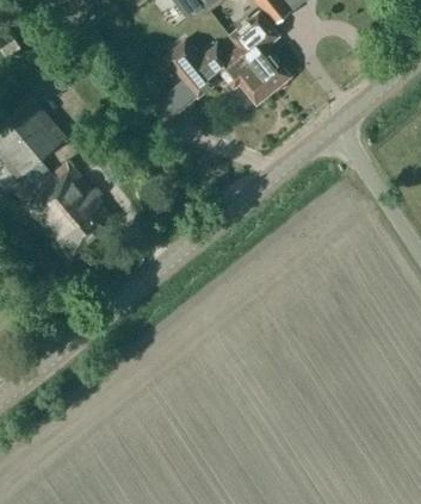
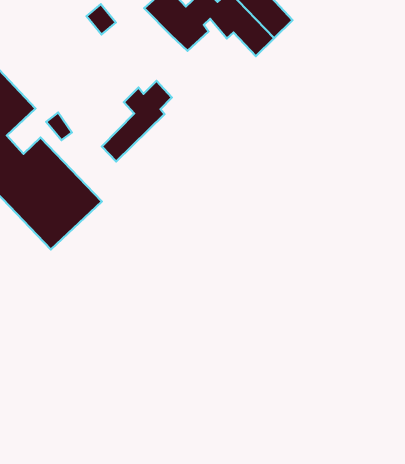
building: none -> [102,81,172,162]

